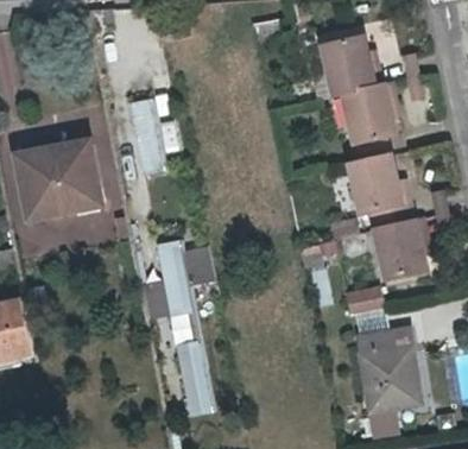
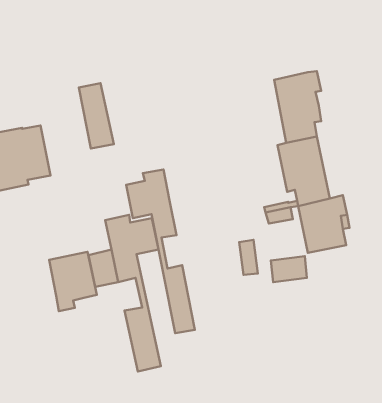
building: [322,36,379,95] -> none
building: none -> [126,169,195,333]
building: none -> [49,252,97,311]
building: [358,329,418,411] -> none

